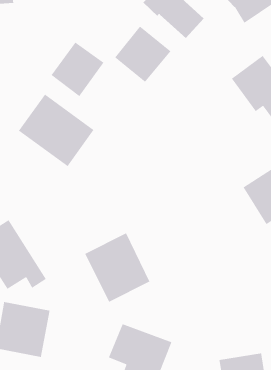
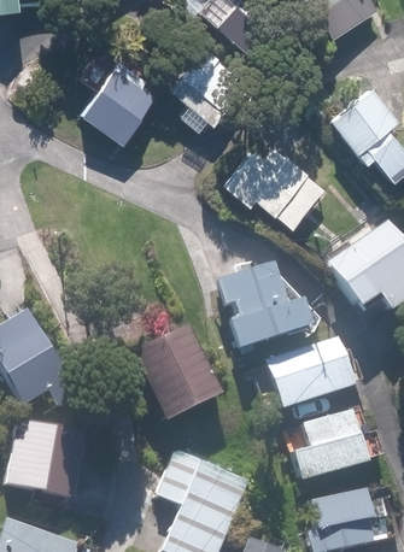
building: [18,94,95,167] -> none
building: none -> [226,139,321,225]
building: none -> [216,262,311,350]
building: none -> [267,340,355,415]
building: none -> [291,406,364,481]

